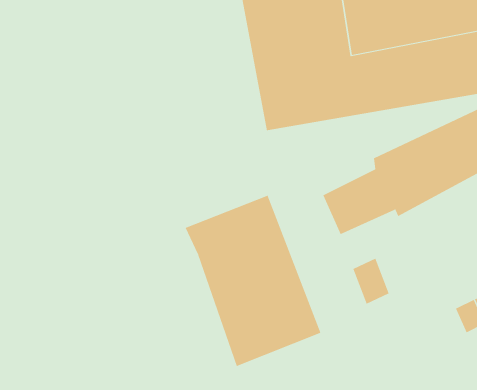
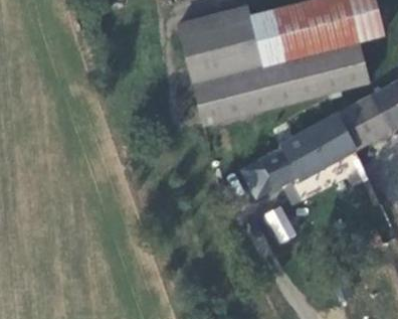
building: [185,195,321,367] -> none

